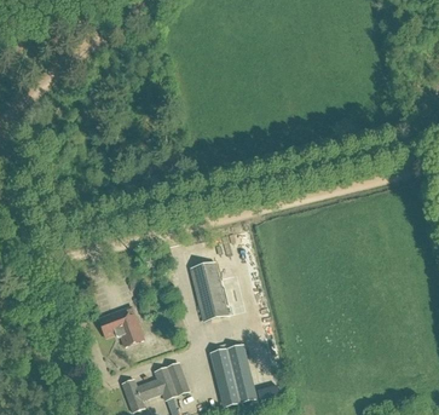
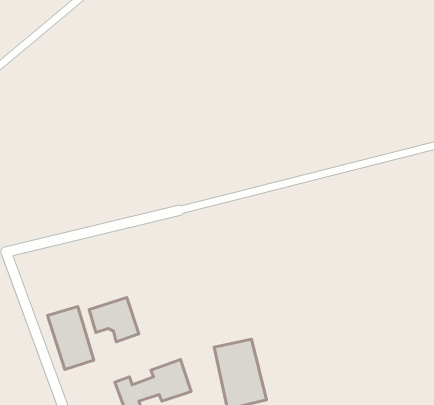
building: [190,260,229,321] -> none
building: none -> [47,306,94,370]

